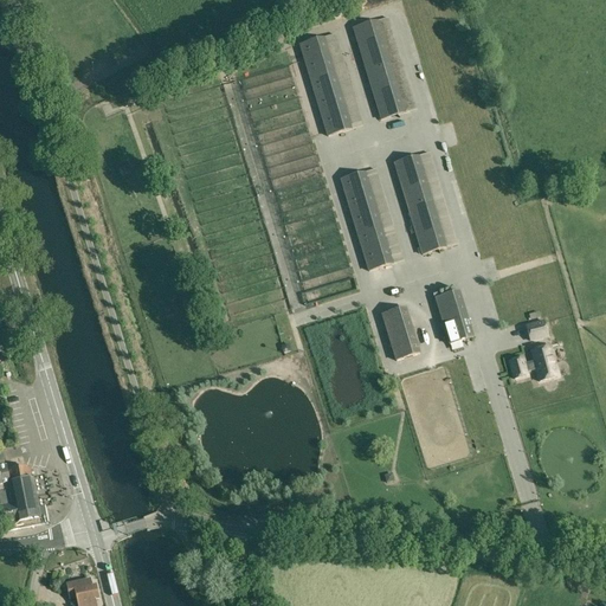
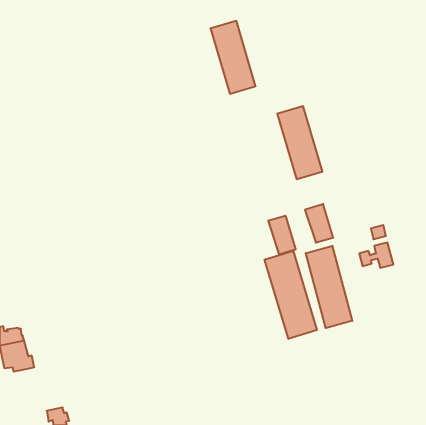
building: [353,13,417,117] -> none
building: [339,166,404,267] -> none
building: none -> [306,246,352,328]
building: none -> [265,251,317,339]

